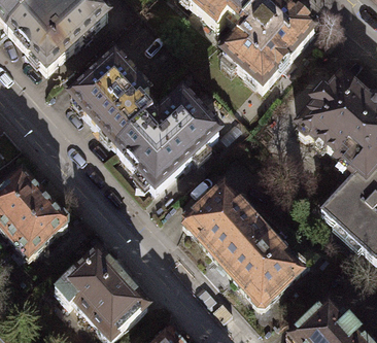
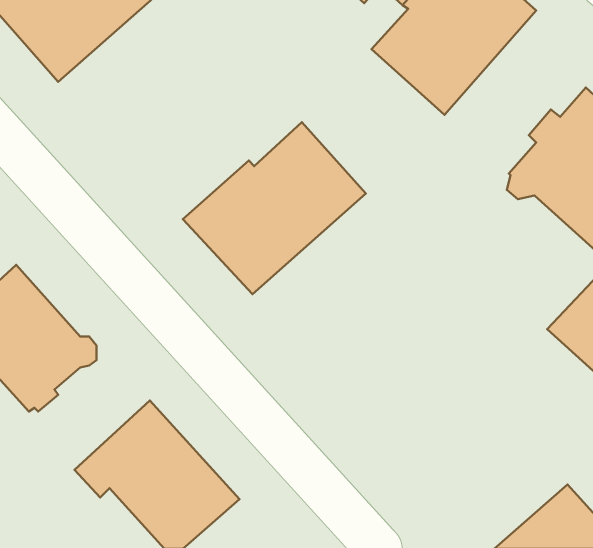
building: [70,57,152,147] -> none
building: [182,185,309,308] -> none

